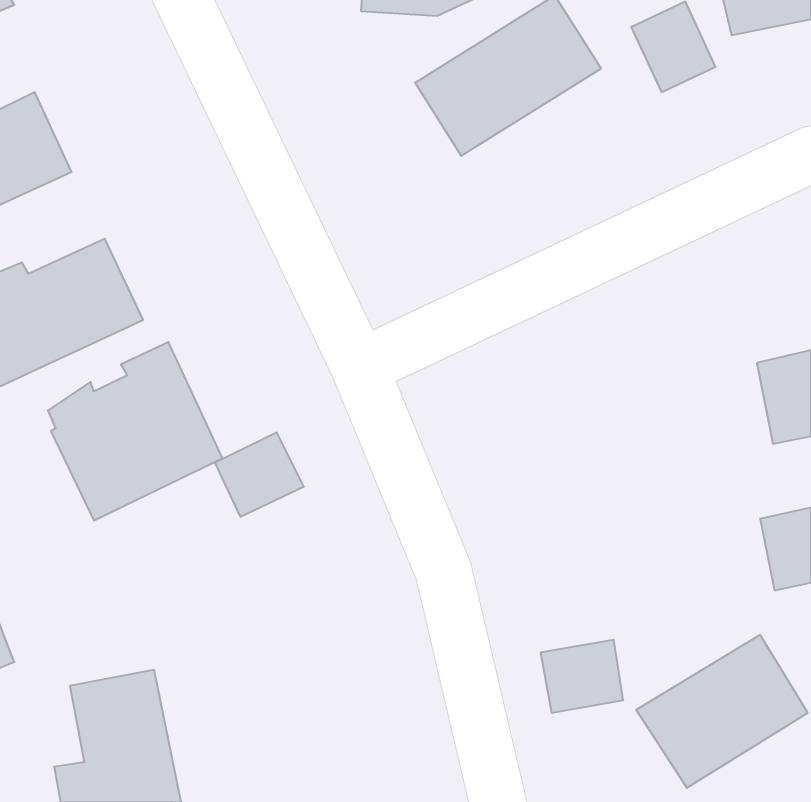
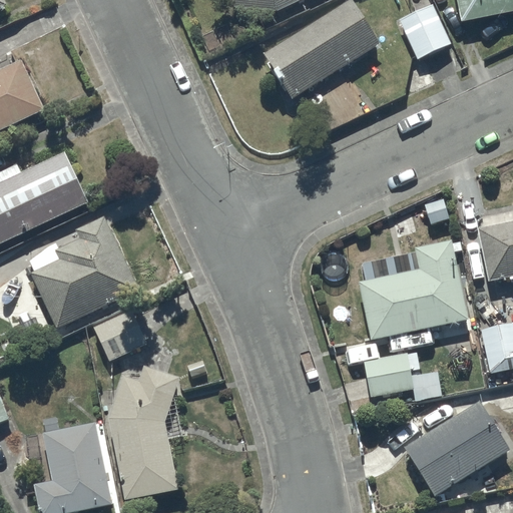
building: none -> [357,240,466,340]
building: [215,432,304,517] -> [93,307,149,360]
building: none -> [110,365,179,501]
building: [541,640,623,713] -> [362,350,414,396]

